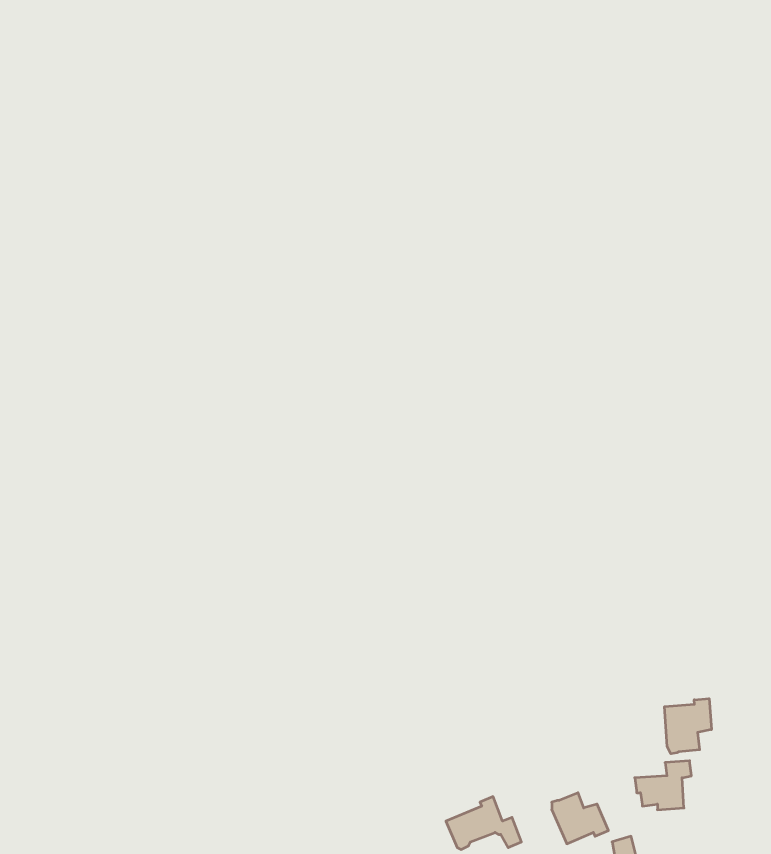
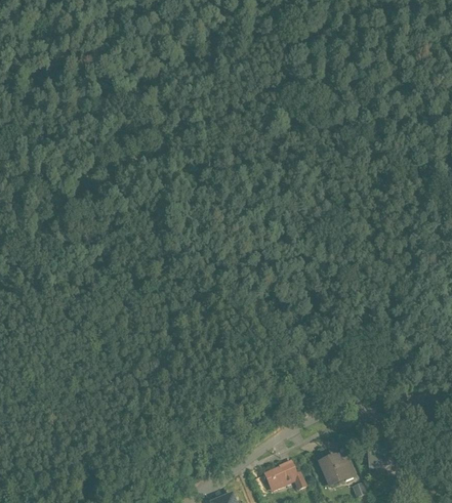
building: [665,699,711,754] -> none

